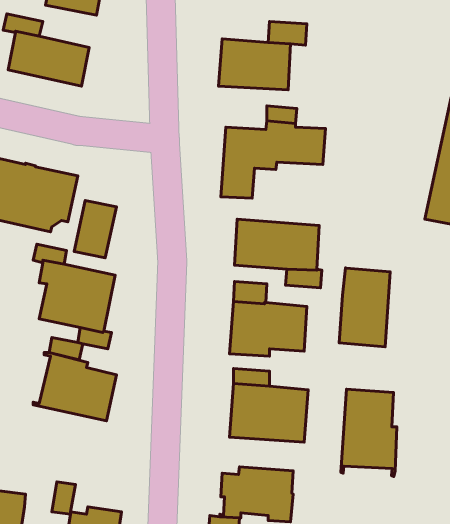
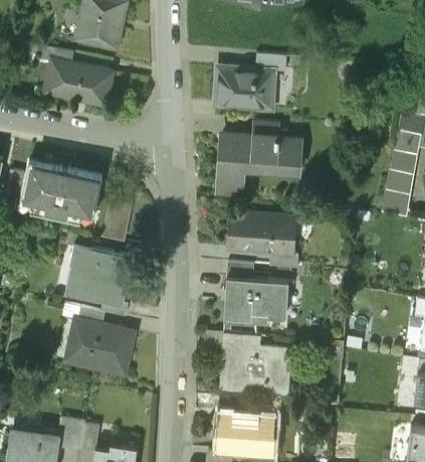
building: [339,268,390,347] -> none
building: [341,389,397,476] -> none
building: none -> [58,419,84,449]

